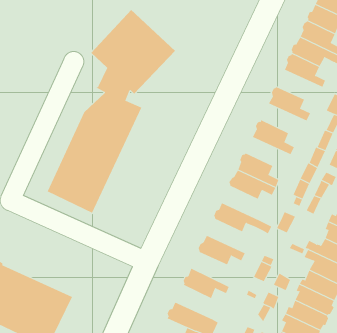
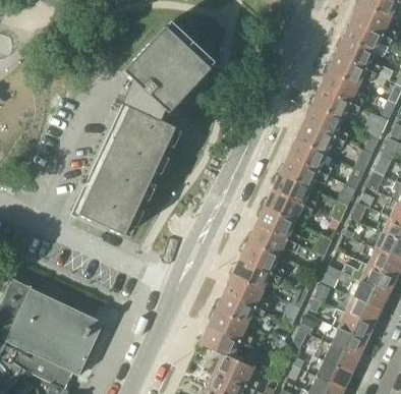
building: none -> [312,88,360,118]
building: none -> [296,122,344,153]
building: none -> [280,157,328,186]
building: none -> [256,207,300,242]
building: none -> [241,240,284,276]
building: none -> [225,275,269,311]
building: none -> [209,308,252,344]

